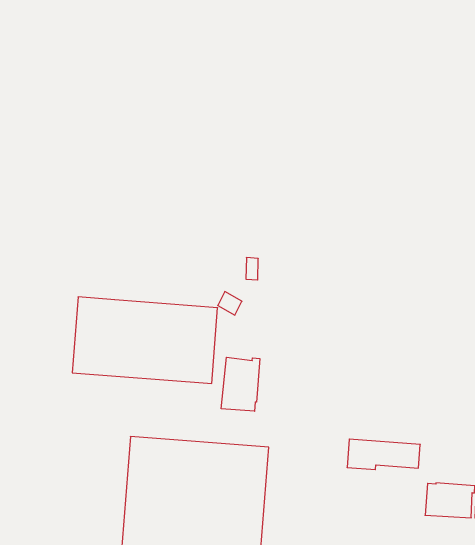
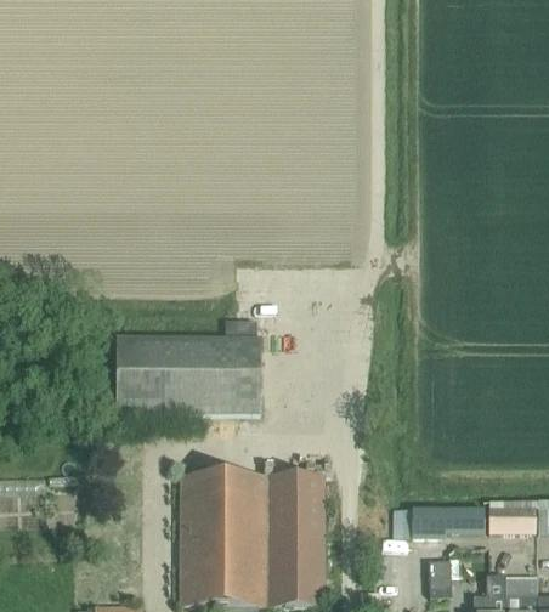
building: [221,357,260,411] -> none
building: [347,439,420,470] -> [412,505,485,534]

